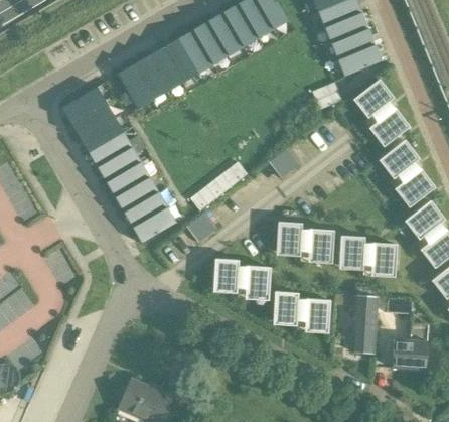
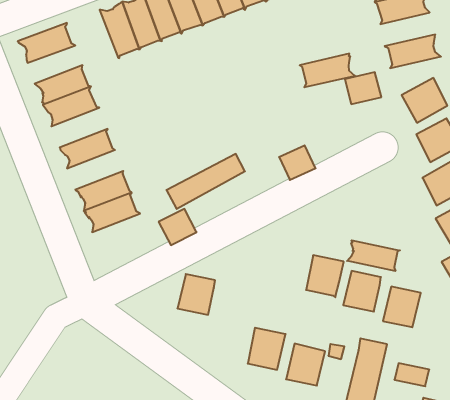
building: [332,31,376,62] -> [300,54,355,87]
building: [68,101,111,135] -> none
building: [95,145,138,180] -> none
building: [112,175,155,210] -> none
building: none -> [347,240,400,271]
building: [277,225,302,252] -> none
building: [246,267,271,296] -> none

